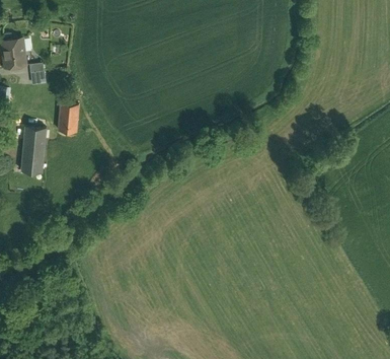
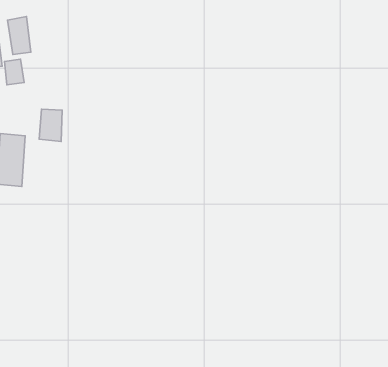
building: none -> [8,16,31,54]

